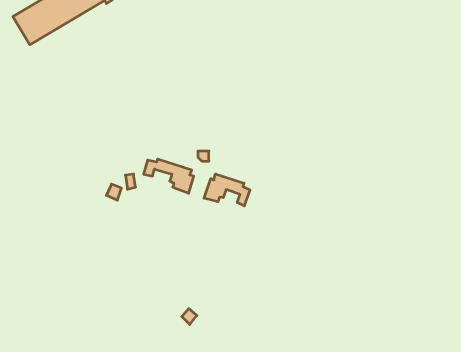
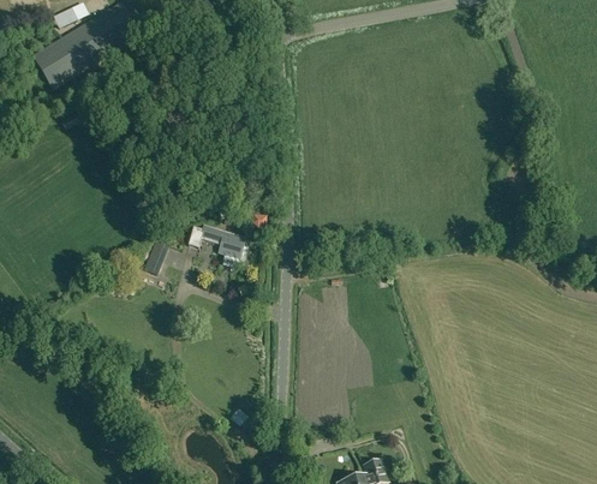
building: [204,174,250,206] -> none

